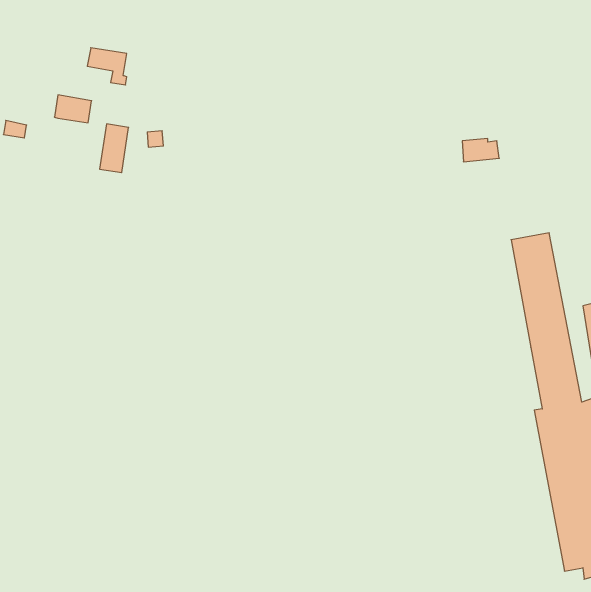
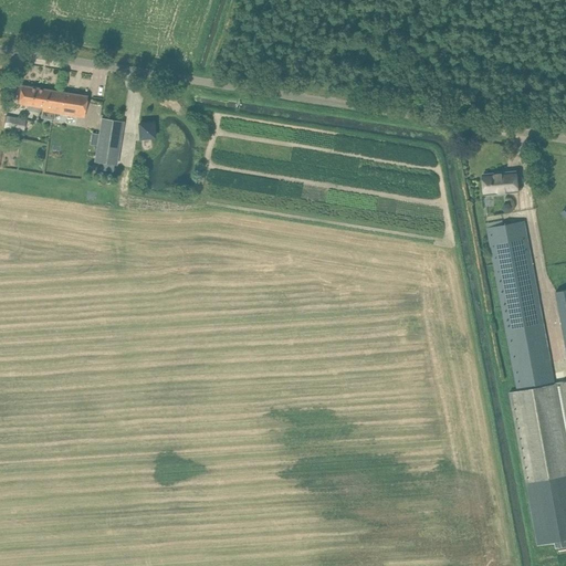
building: [87,48,127,85] -> [19,85,56,120]
building: [462,139,499,162] -> [484,172,520,195]

